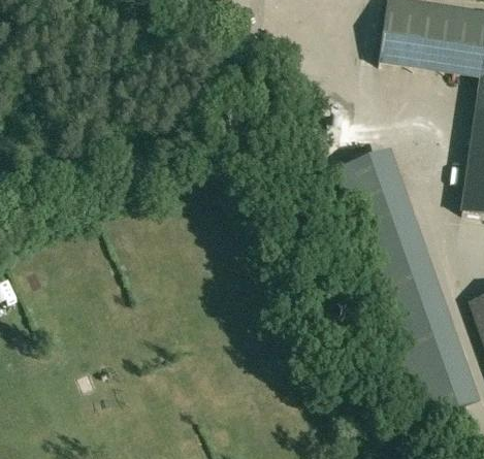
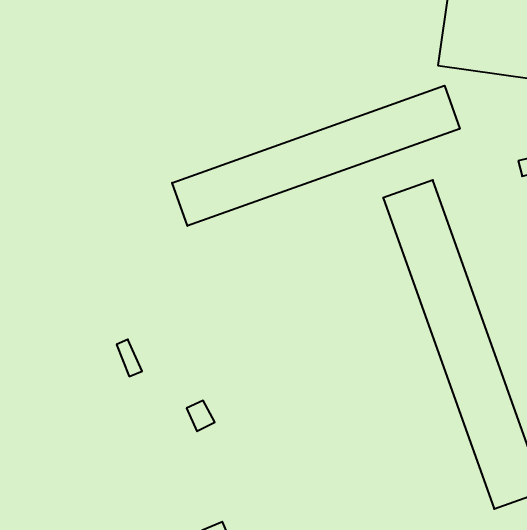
building: none -> [172,86,460,226]

